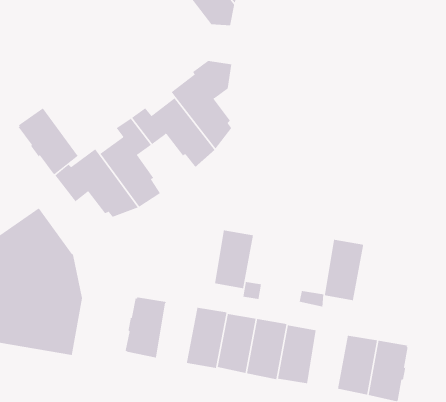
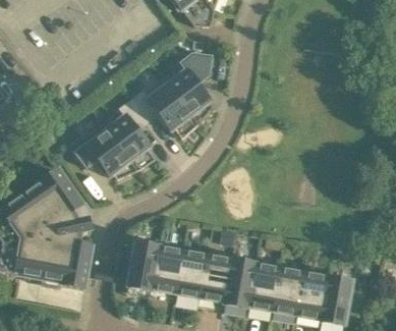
building: [17,108,78,175] -> none
building: [214,230,254,289] -> [152,245,183,292]
building: [324,239,364,301] -> [272,266,303,315]

